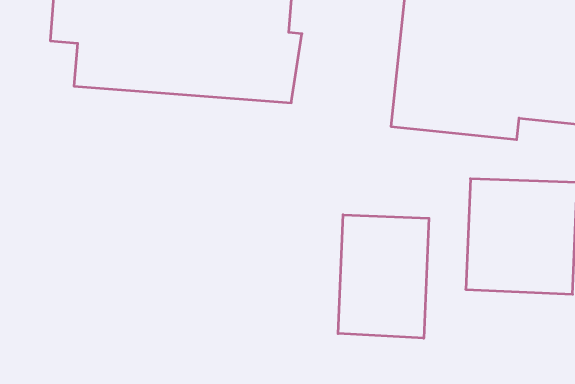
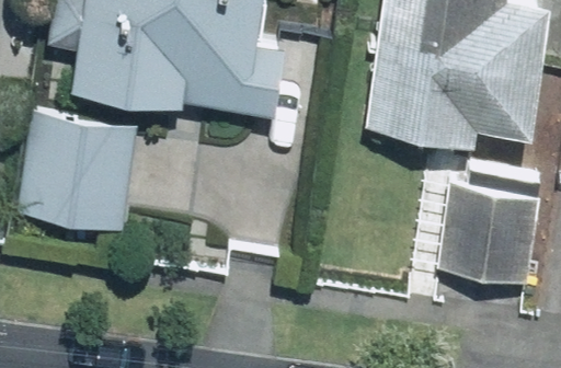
building: none -> [15,110,137,226]
building: [338,215,429,338] -> none

